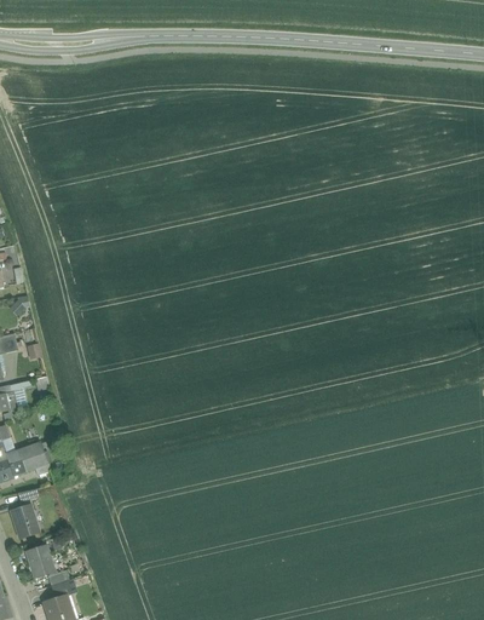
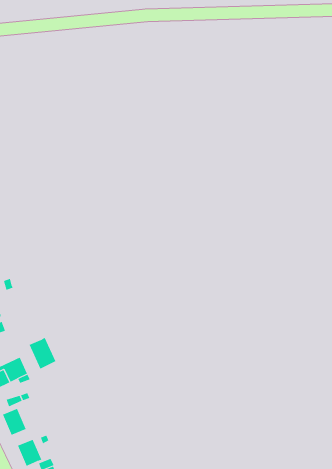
building: none -> [29,337,56,369]

